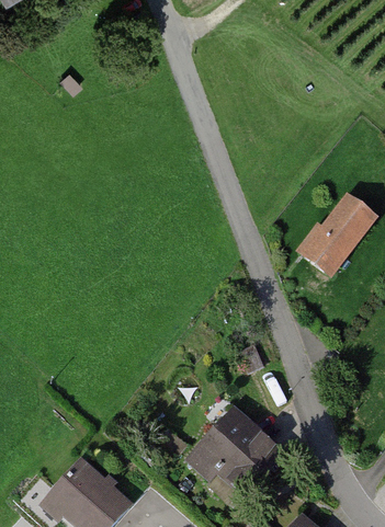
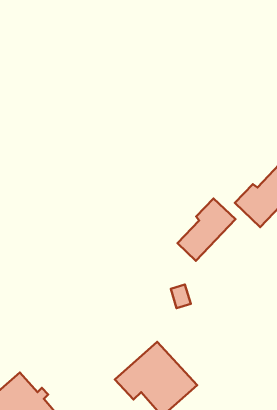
building: none -> [178,199,236,261]

